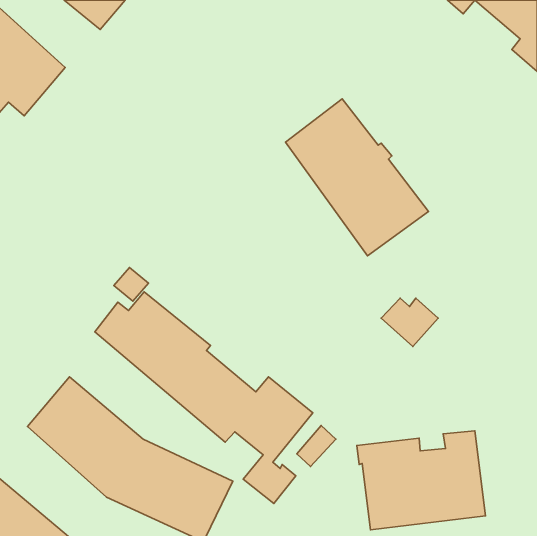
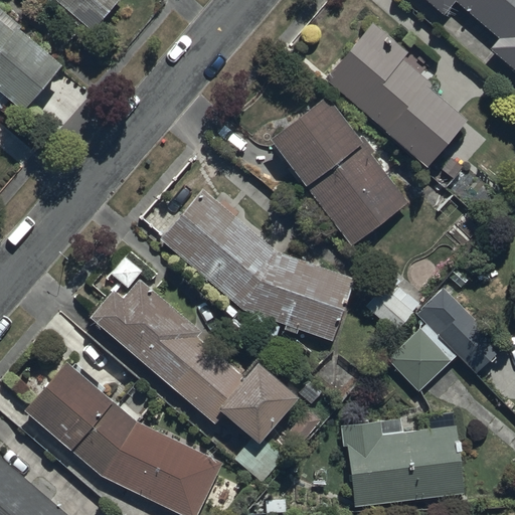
building: none -> [324,21,468,167]
building: none -> [158,189,356,345]
building: none -> [389,287,502,389]

